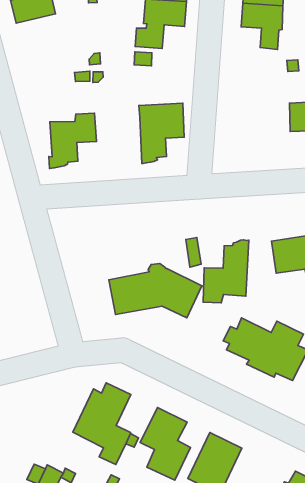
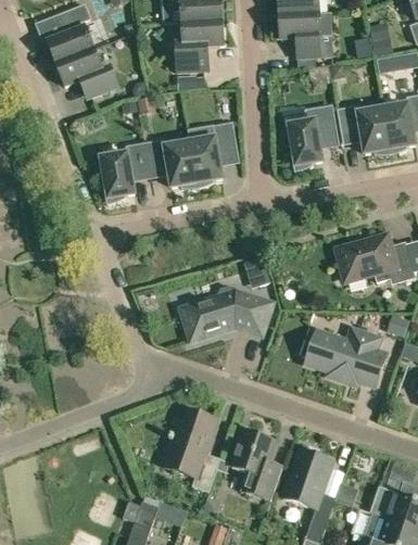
building: none -> [56,48,109,96]
building: none -> [290,104,338,169]
building: none -> [145,139,199,187]
building: [203,240,249,303] -> none

